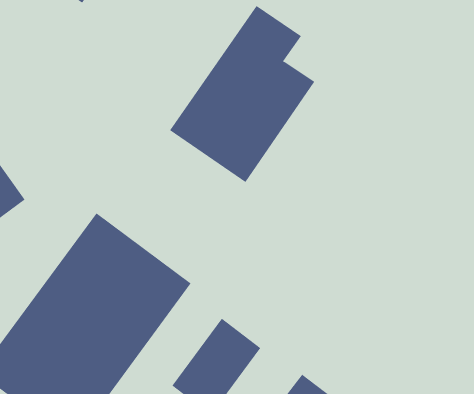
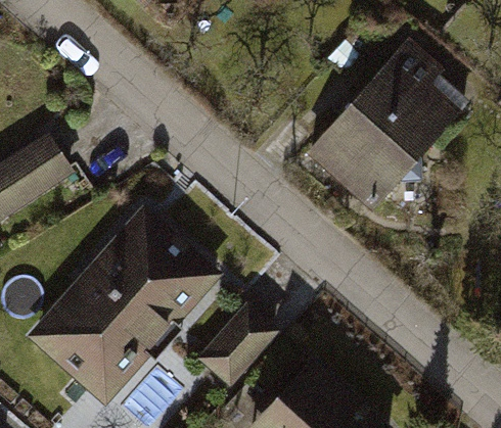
building: [169,5,315,183] -> [322,41,456,199]

